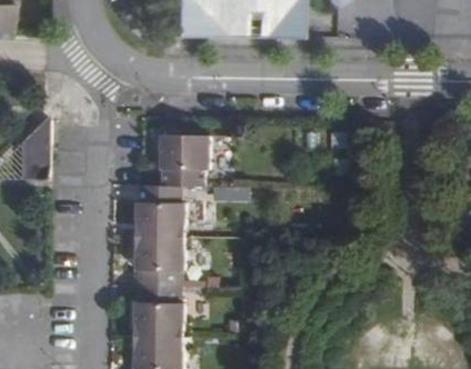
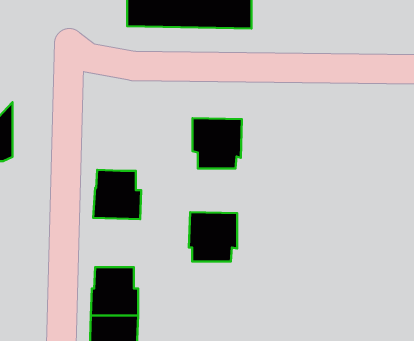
building: [159,133,210,186] -> [192,118,242,168]
building: [134,235,184,286] -> [189,212,237,261]

